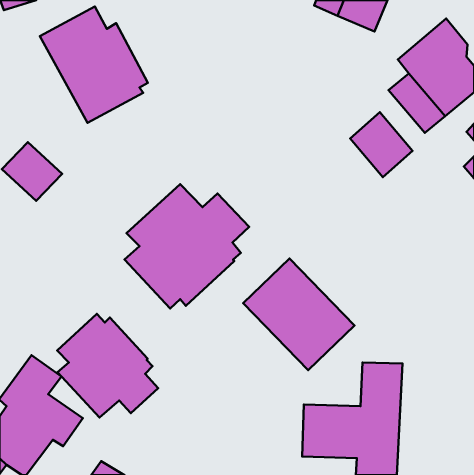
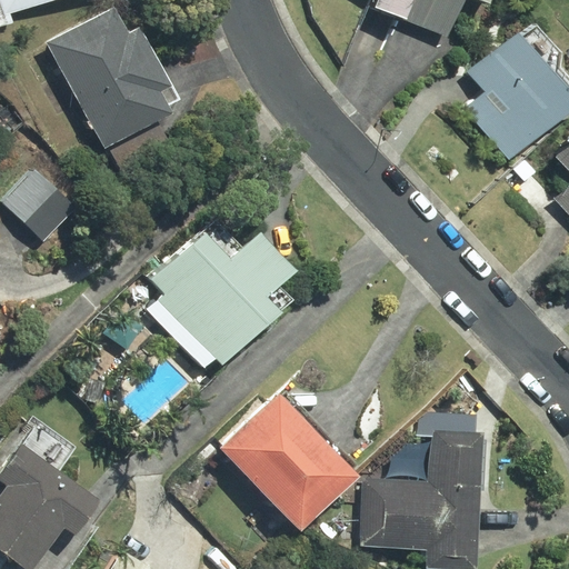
building: [350,112,413,177] -> none
building: [243,259,355,370] -> [223,396,357,529]
building: [57,314,158,418] -> none

